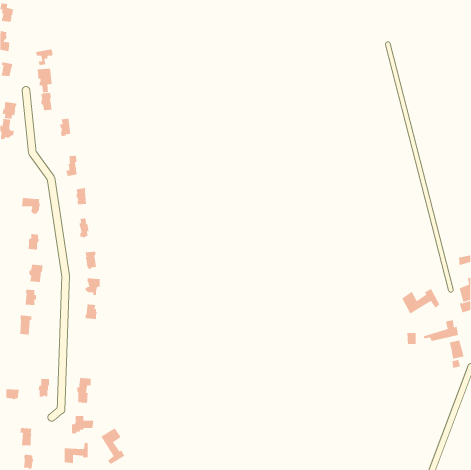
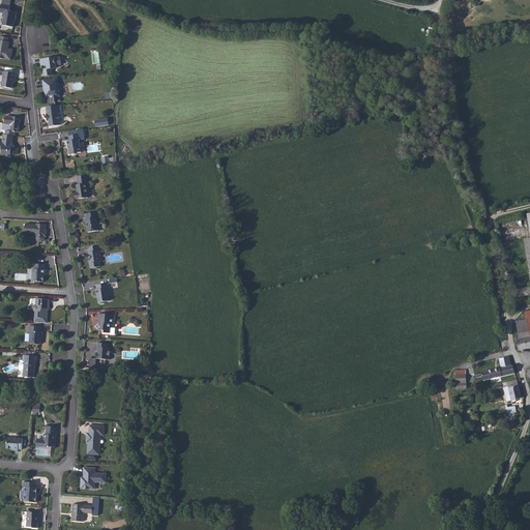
building: [401,288,440,314] -> none
building: [101,428,125,465] -> none

